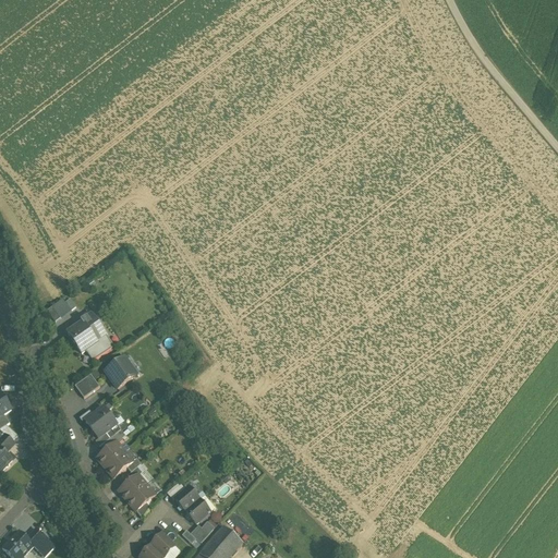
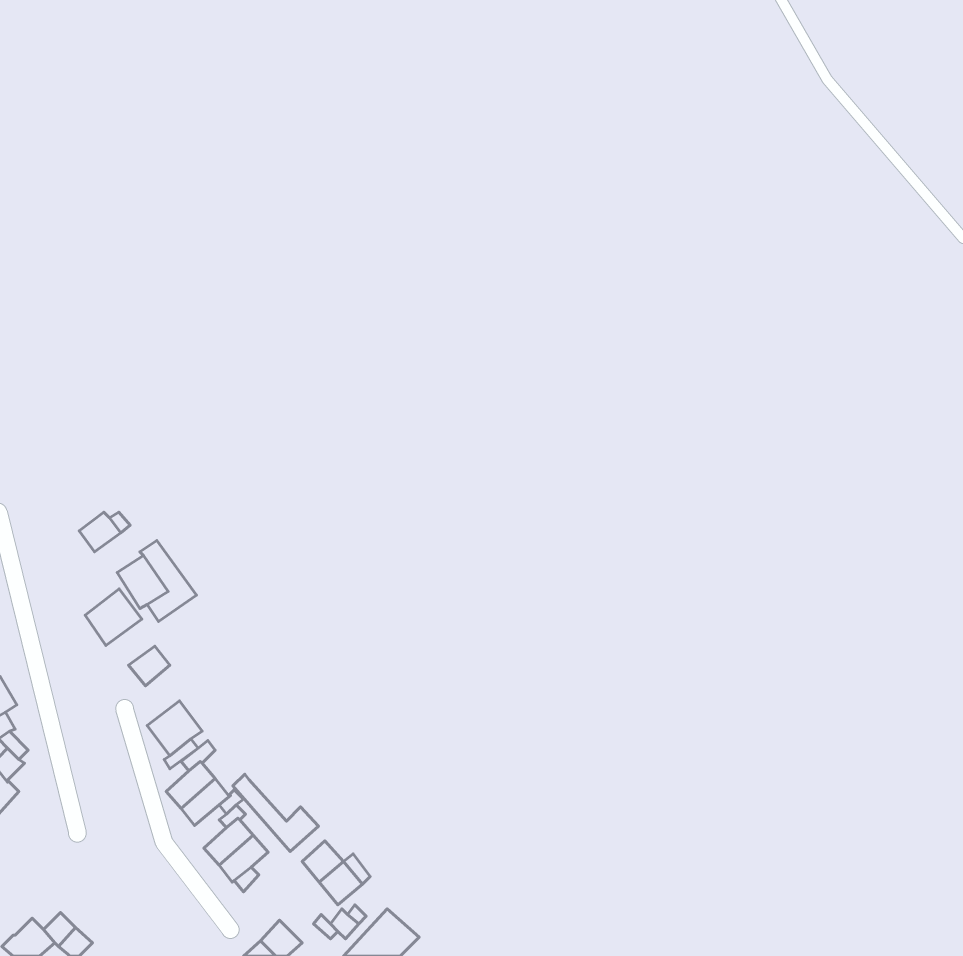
building: [105,354,137,387] -> [85,589,142,646]
building: none -> [233,774,318,851]

